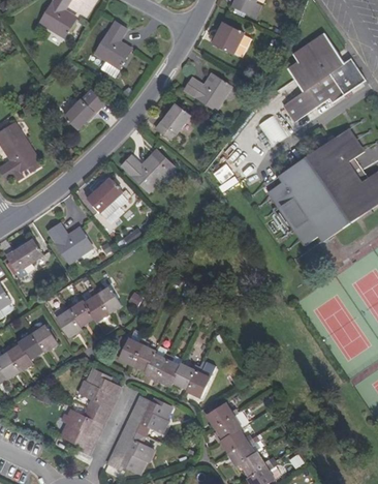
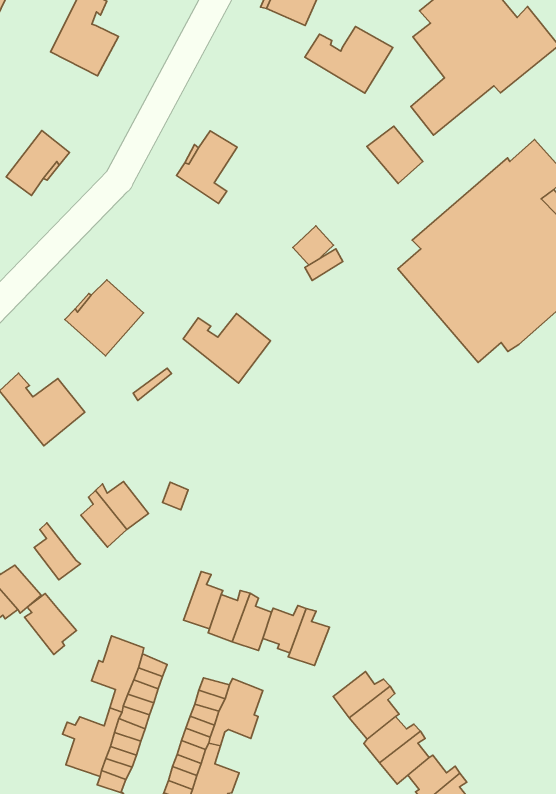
building: [183,77,230,113] -> [305,26,393,93]
building: [122,154,168,191] -> [183,314,270,383]
building: [64,294,91,327] -> [25,593,76,654]
building: [113,338,144,365] -> none

